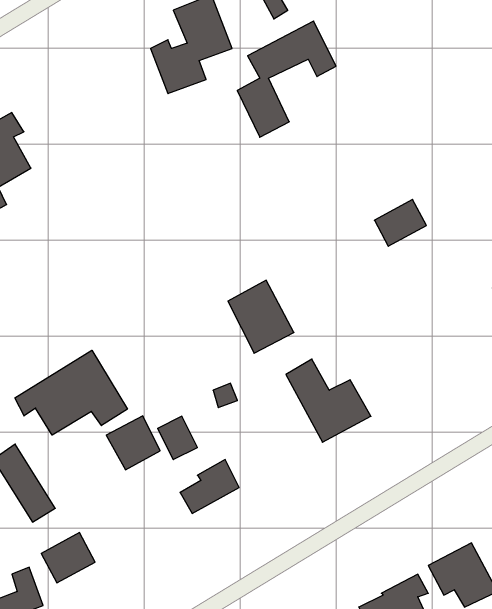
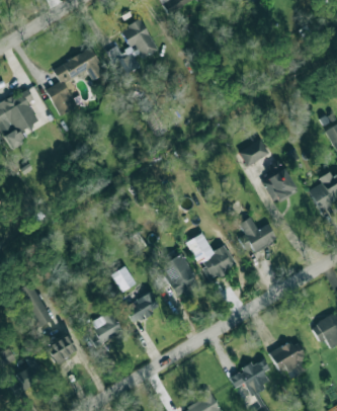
building: [237,21,336,137] -> [47,49,104,116]
building: none -> [261,169,297,204]
building: [228,280,294,353] -> [161,254,199,297]
building: none -> [239,217,277,254]
building: [15,350,127,435] -> none
building: [106,416,160,470] -> [91,312,122,343]

